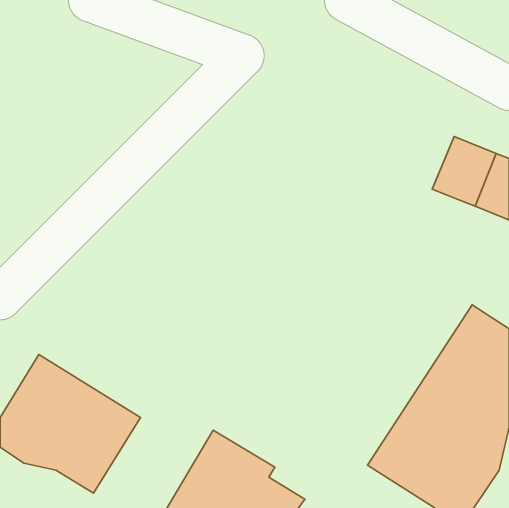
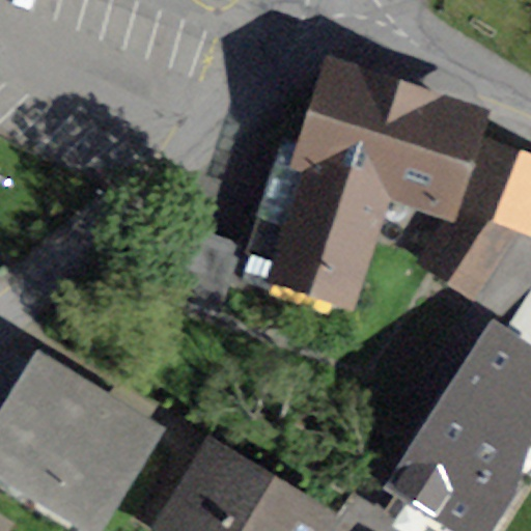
building: none -> [252,80,466,285]
building: none -> [444,211,523,295]

